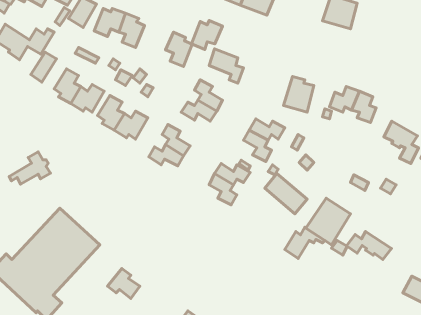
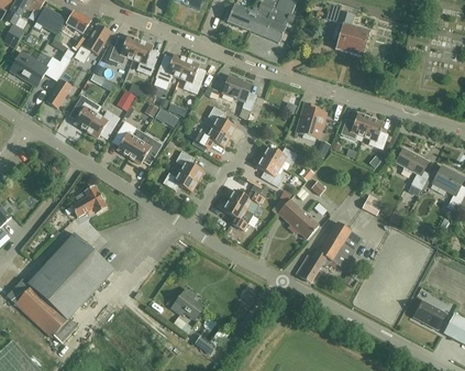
building: [191,20,223,49] -> [156,53,187,81]
building: [9,152,51,184] -> [65,185,106,217]
building: [347,232,391,260] -> none
building: [107,268,140,299] -> [171,288,203,318]

